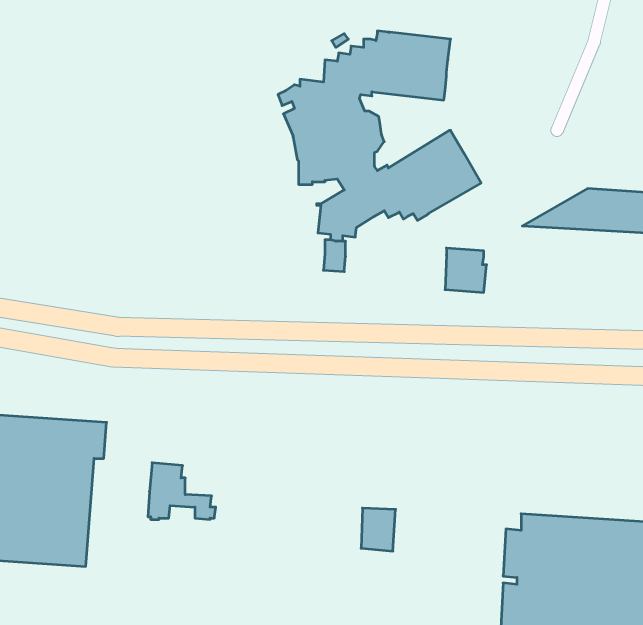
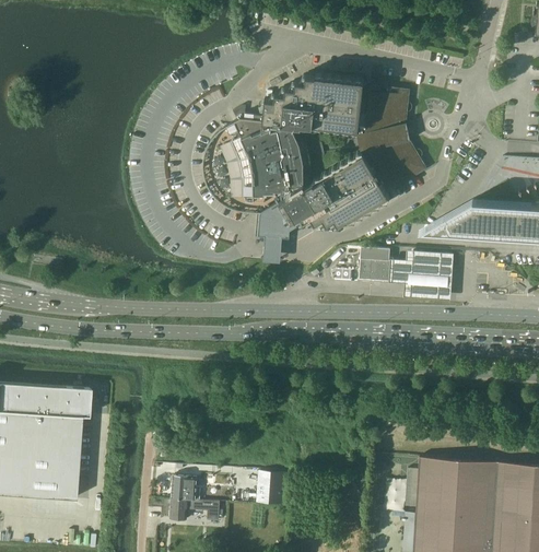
building: none -> [352,86,427,191]
building: none -> [390,252,448,302]
building: [148,463,216,519] -> [171,477,224,521]
building: [361,508,396,551] -> [257,472,284,506]

